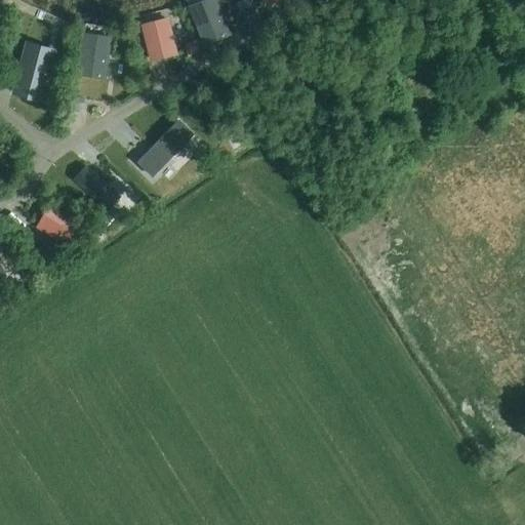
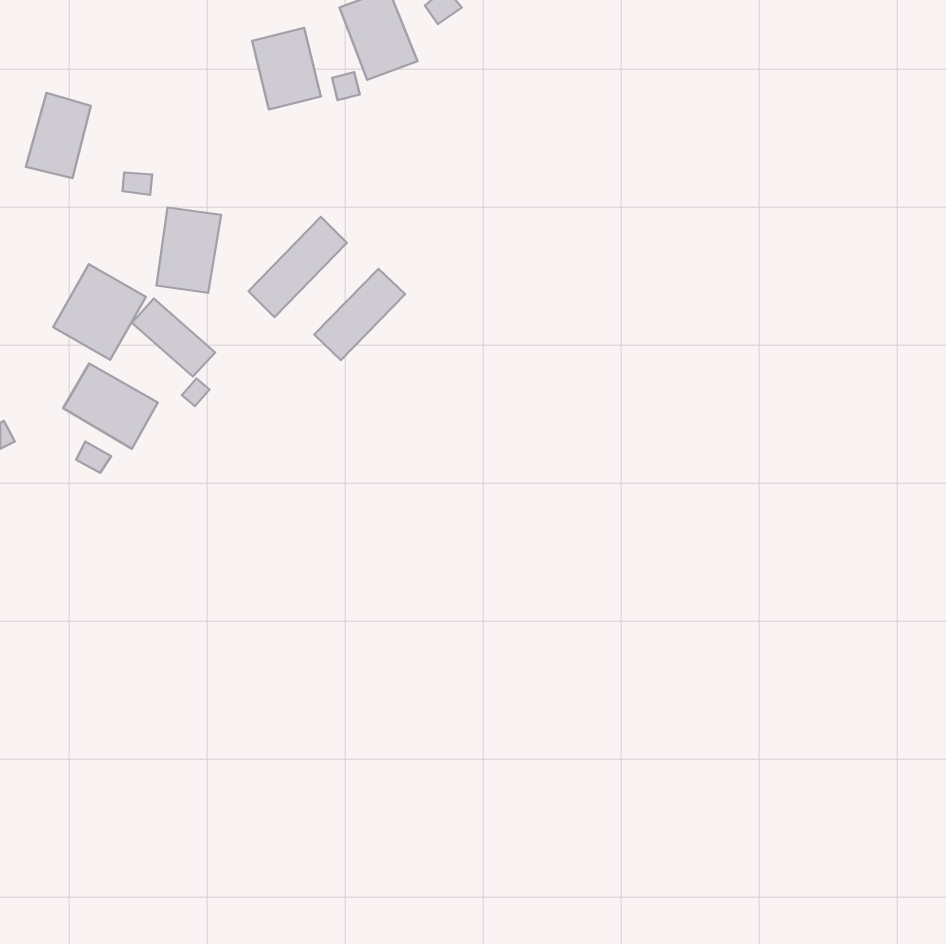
building: [77,31,113,78] -> [156,207,221,293]
building: none -> [53,264,146,360]
building: none -> [314,269,405,360]

